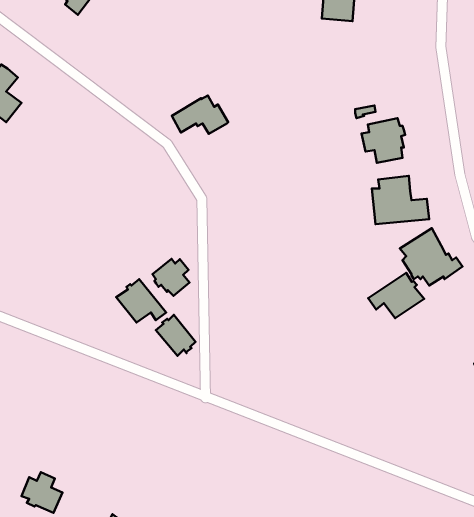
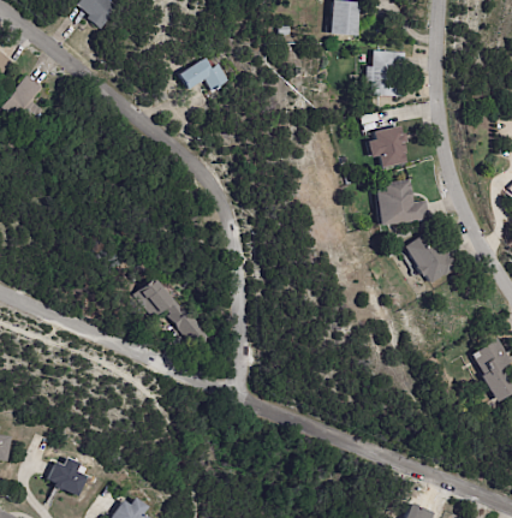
building: none -> [364,49,403,96]
building: [172,95,228,134] -> [178,54,231,90]
building: [152,259,190,296] -> none
building: [368,273,424,318] -> none

